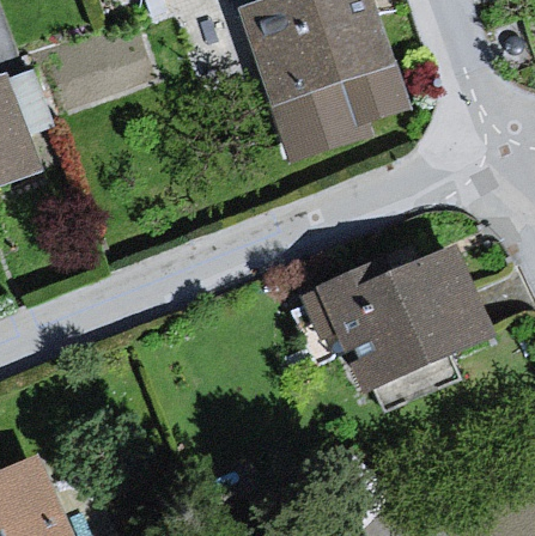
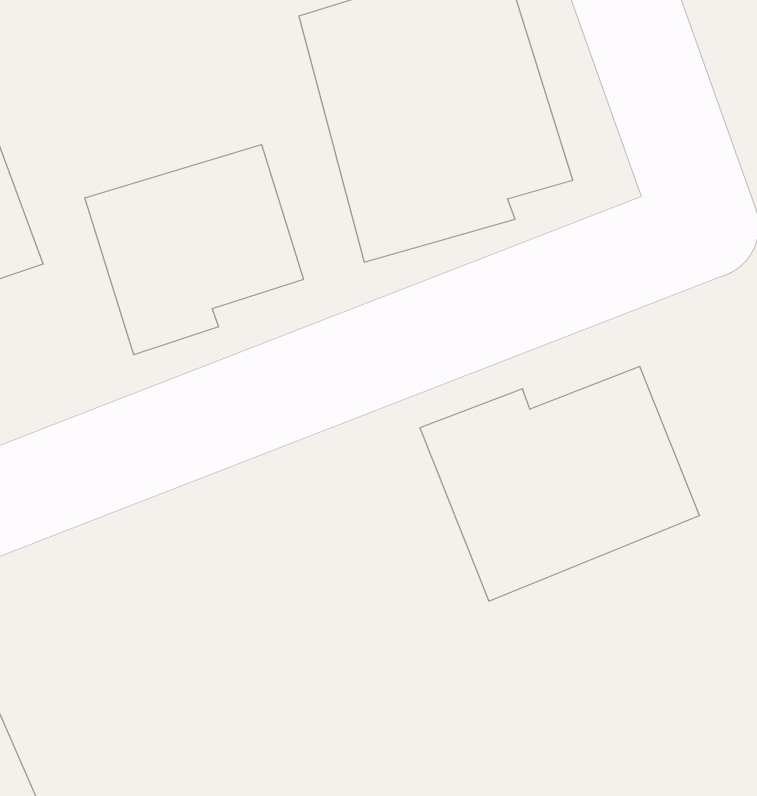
building: none -> [85,144,303,355]

